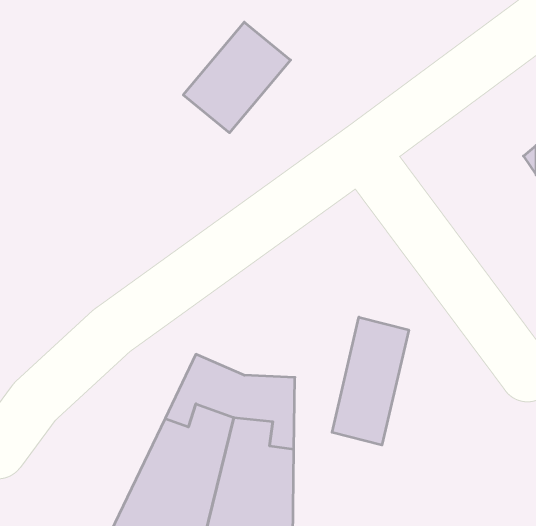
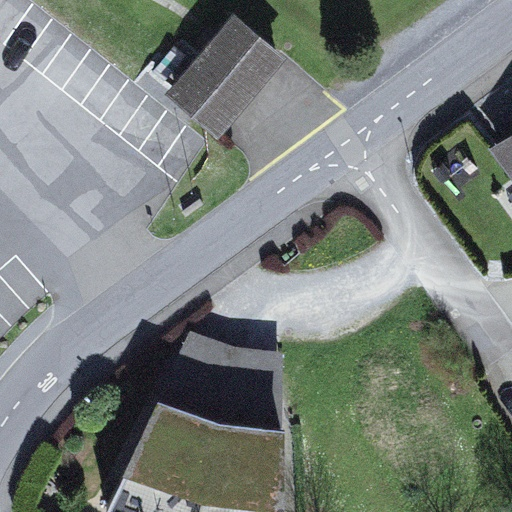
building: [332,317,409,445] -> none

